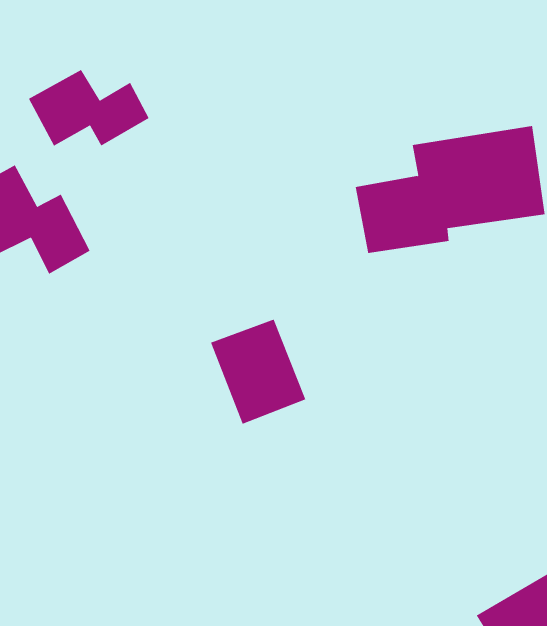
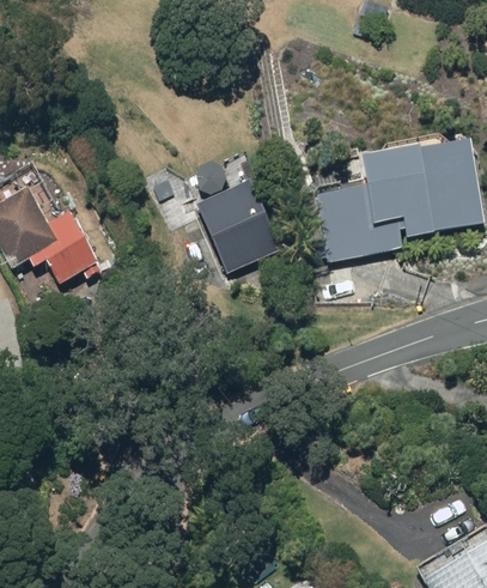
building: [28,69,149,146] -> none
building: [210,319,306,425] -> [196,181,279,272]

